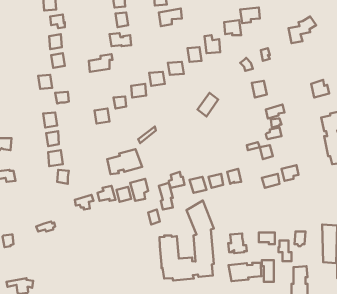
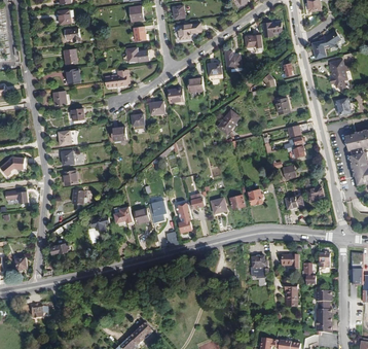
building: none -> [329,59,348,90]
building: [107,149,142,174] -> none
building: [159,201,214,281] -> none
building: [228,263,261,281] -> none

